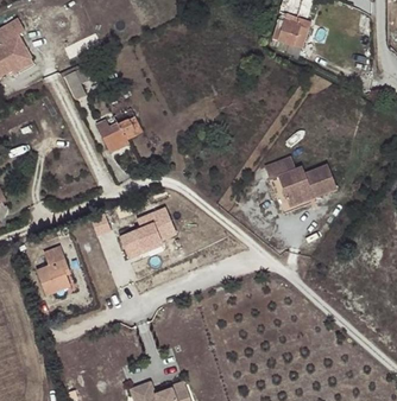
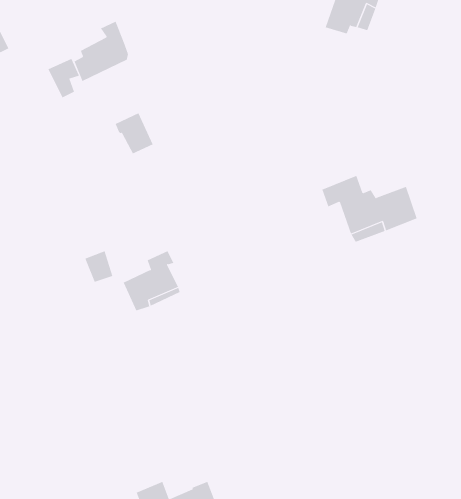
building: none -> [74,21,128,82]
building: [96,121,130,153] -> none
building: [36,250,69,299] -> none

